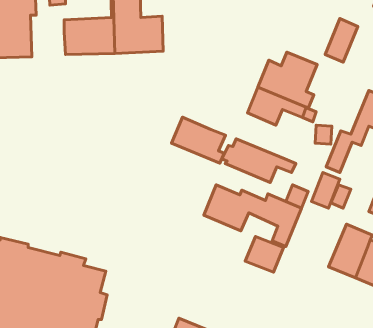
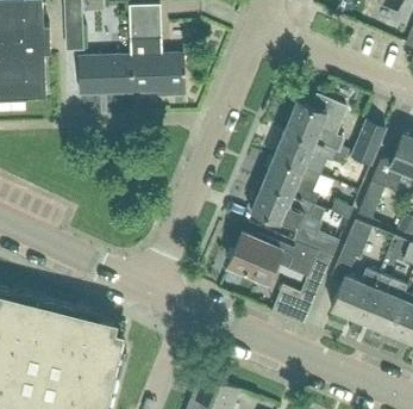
building: [325,18,358,62] -> [350,118,384,165]
building: [171,117,225,163] -> [262,156,319,205]
building: none -> [331,269,378,320]

